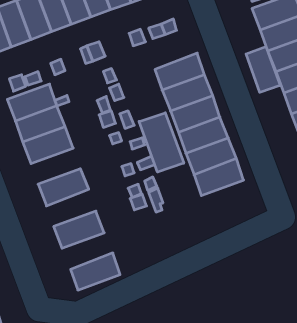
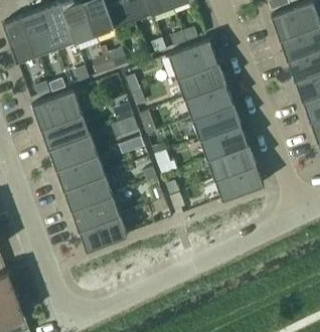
building: none -> [168,40,217,76]
building: [246,46,280,92] -> none
building: [139,113,184,172] -> none
building: none -> [55,153,104,188]
building: [71,253,120,290] -> [70,193,119,229]

